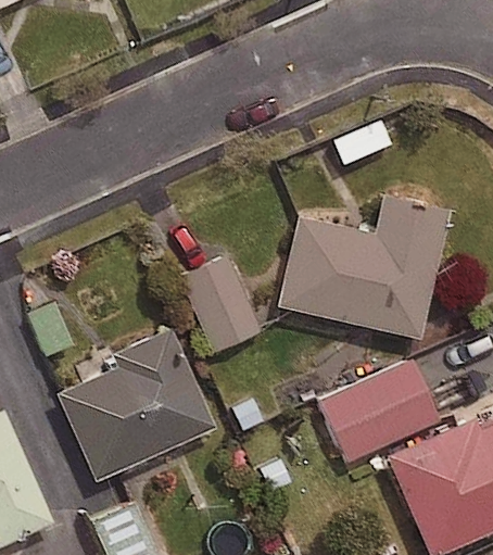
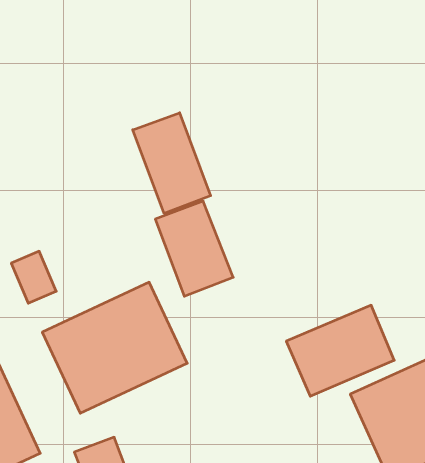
building: none -> [133,113,211,213]
building: [273,194,448,340] -> none

